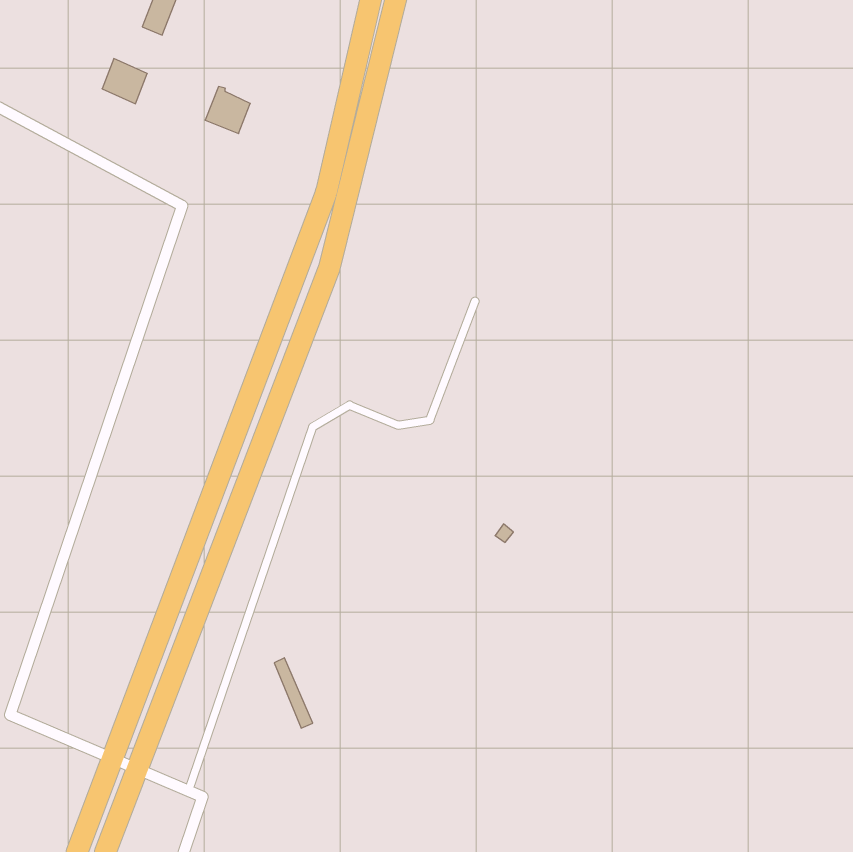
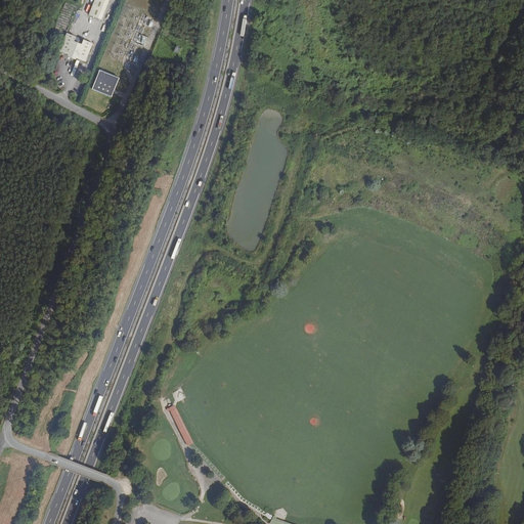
building: [205,87,250,134] -> [92,67,120,95]

